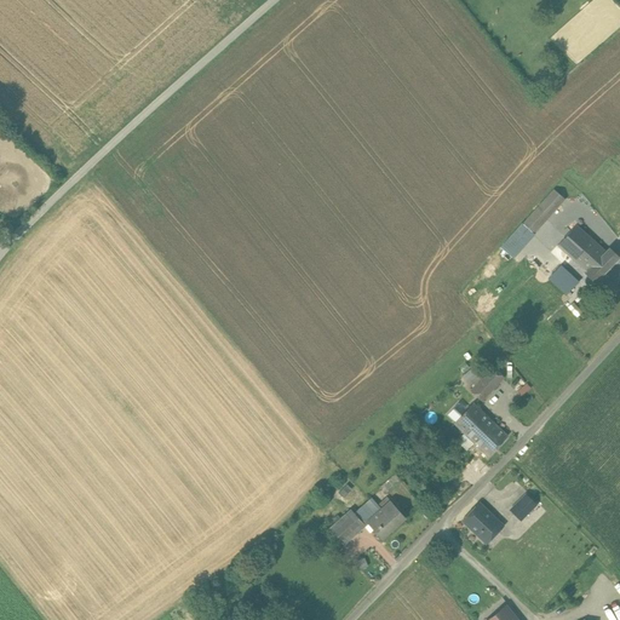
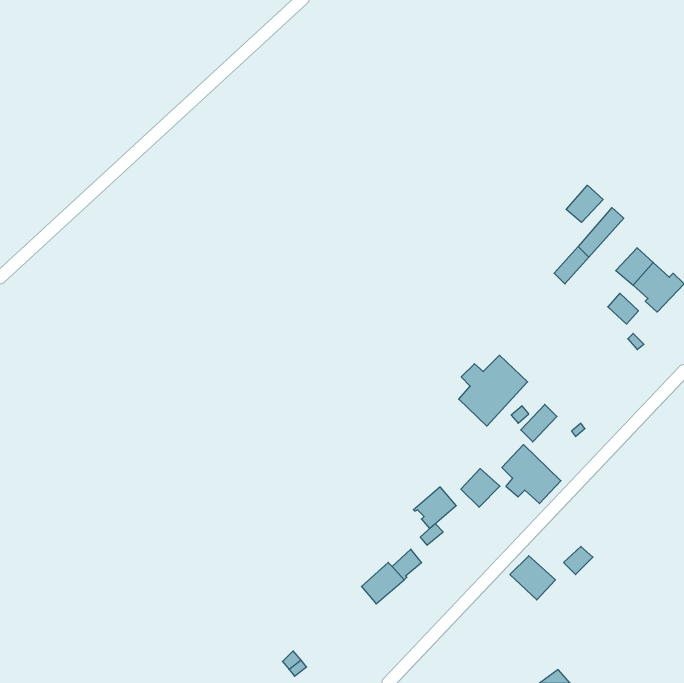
building: none -> [566,185,603,222]
building: none -> [459,355,528,426]
building: none -> [461,469,500,507]
building: [367,500,406,538] -> [413,487,456,528]

